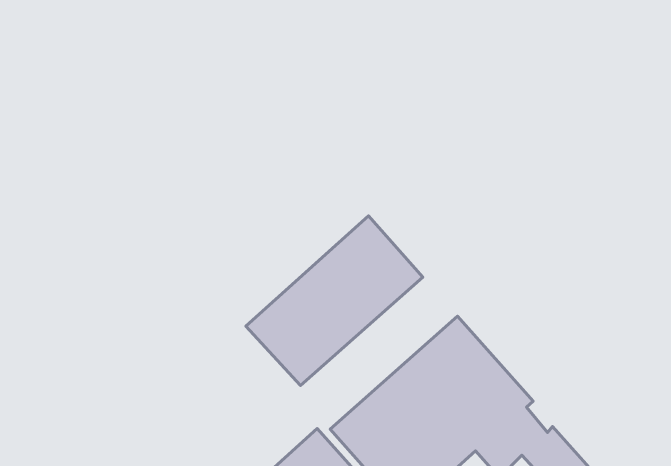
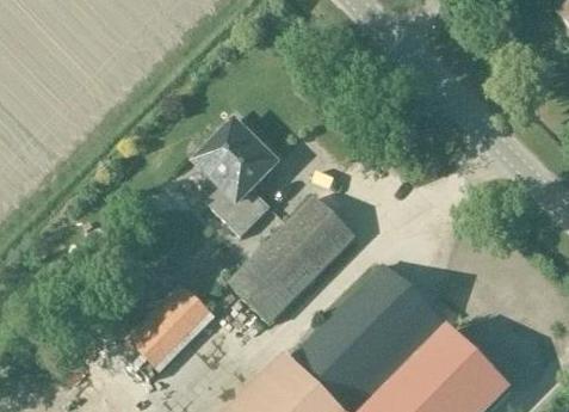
building: none -> [198,113,277,233]
building: none -> [125,281,216,371]

